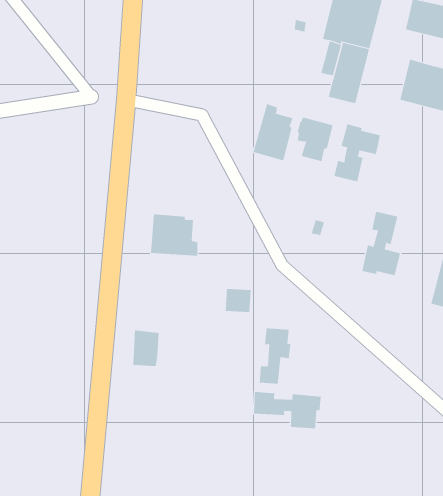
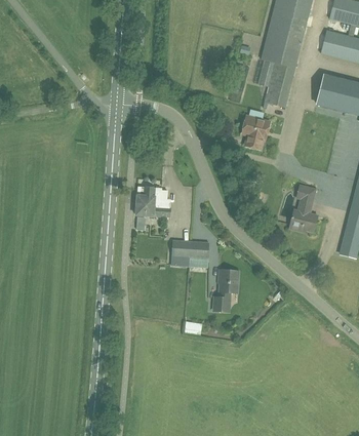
building: [253,103,293,161] -> none
building: [334,123,381,182] -> none
building: [133,330,159,367] -> [170,239,190,266]
building: [253,391,322,429] -> none

